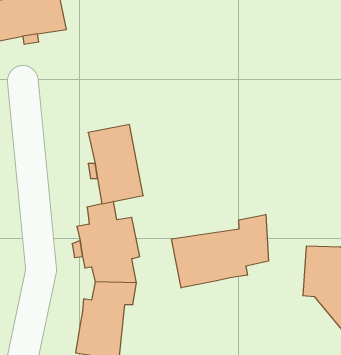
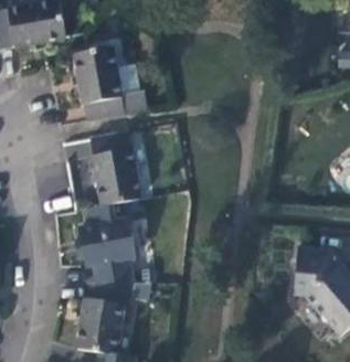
building: none -> [73,45,147,121]
building: [171,214,268,288] -> none

